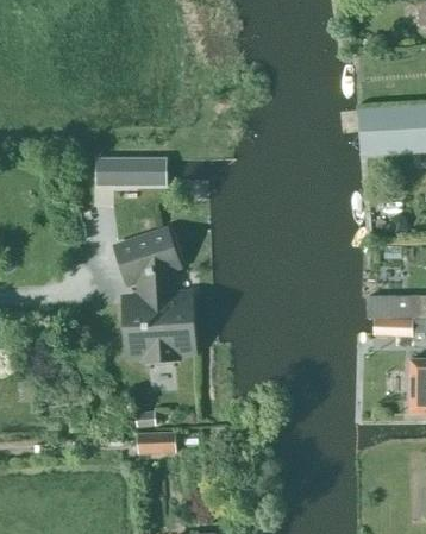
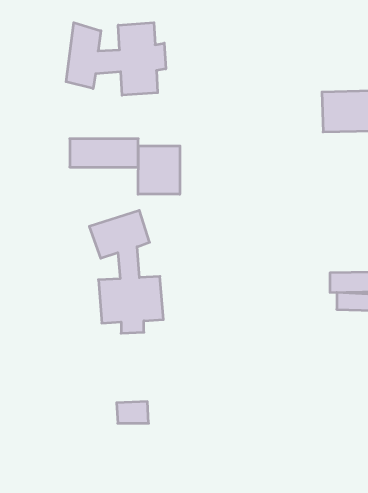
building: none -> [66,23,166,95]
building: none -> [138,146,180,194]

